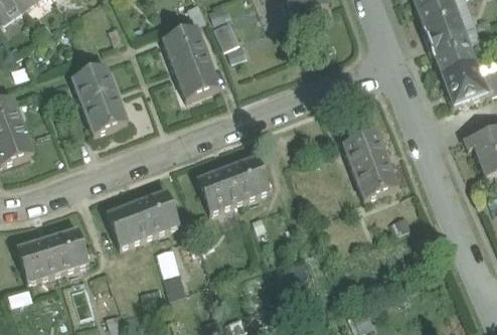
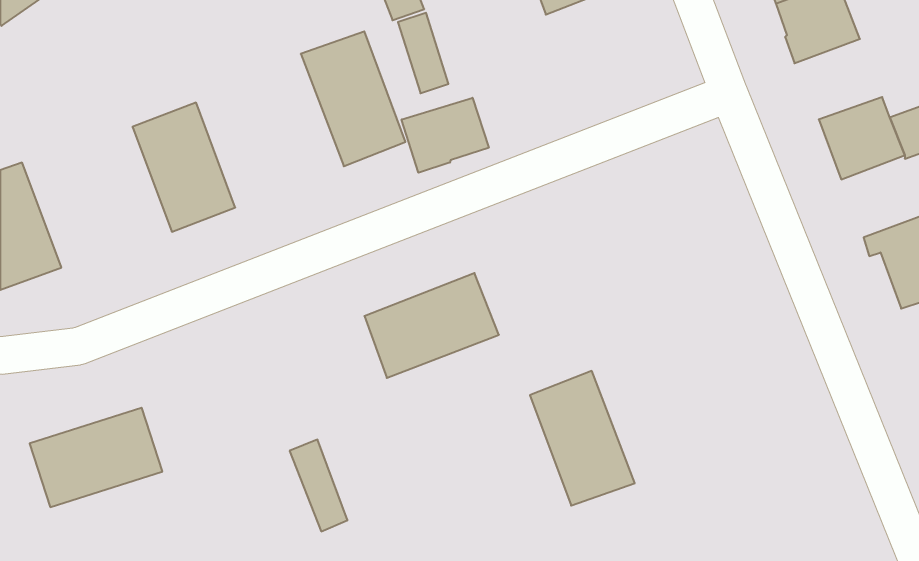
building: [429,29,476,72] -> none
building: none -> [402,98,489,173]
building: [343,129,399,201] -> [530,371,635,506]
building: [107,189,180,245] -> none

